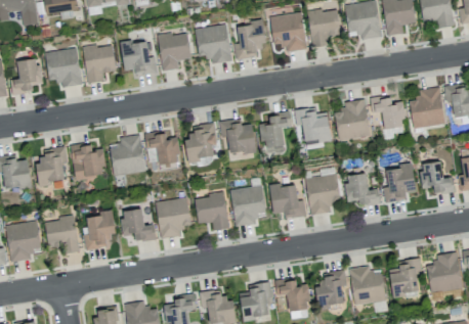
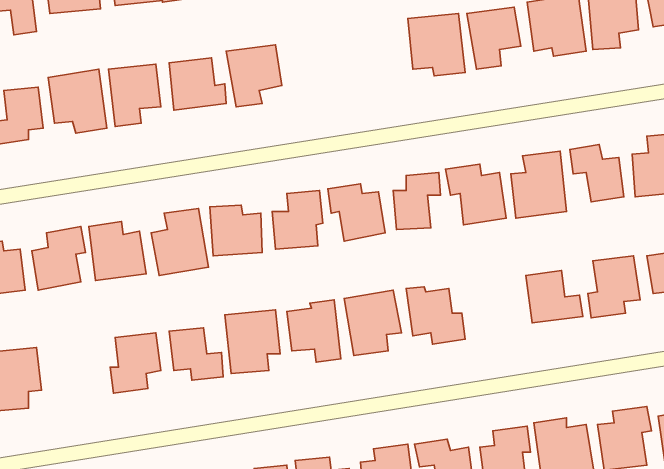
building: [234,18,266,59] -> none
building: [195,24,232,63] -> none
building: [305,173,341,215] -> none
building: [44,216,80,253] -> none

